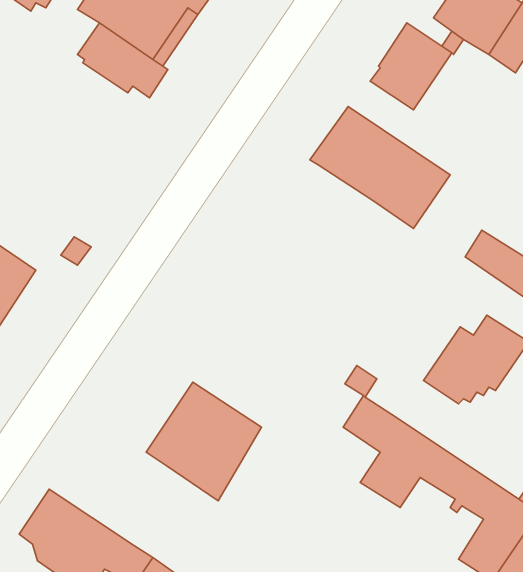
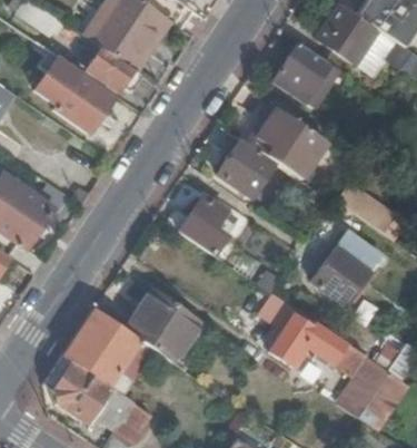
building: none -> [36,50,113,133]
building: none -> [220,138,278,189]
building: none -> [168,196,230,254]
building: none -> [63,309,141,392]

